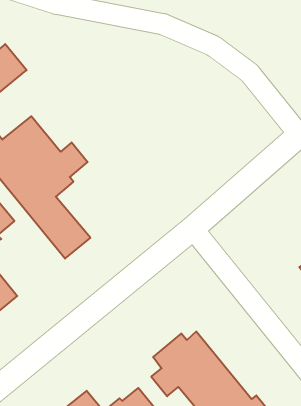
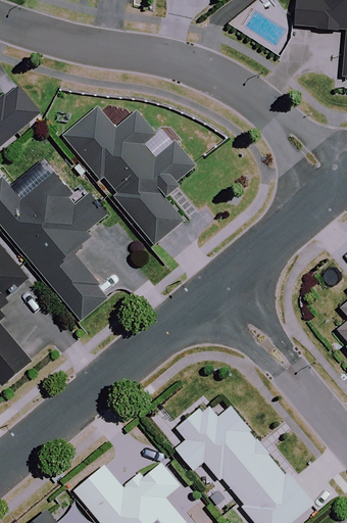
building: none -> [63,108,193,245]

